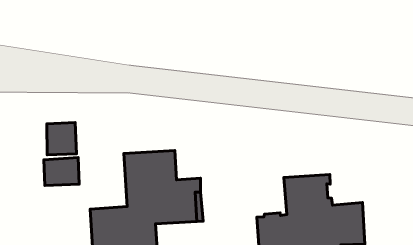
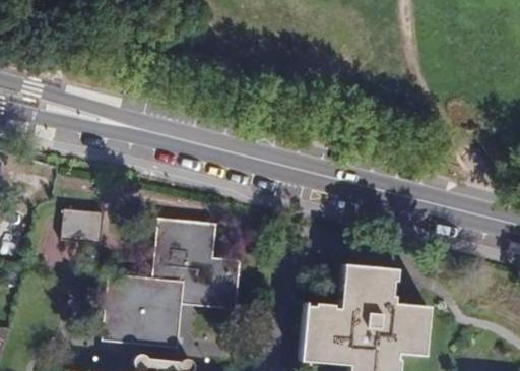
building: [47,123,76,155] -> none

